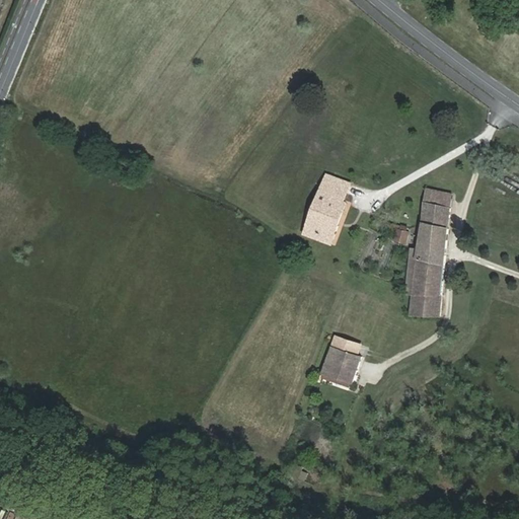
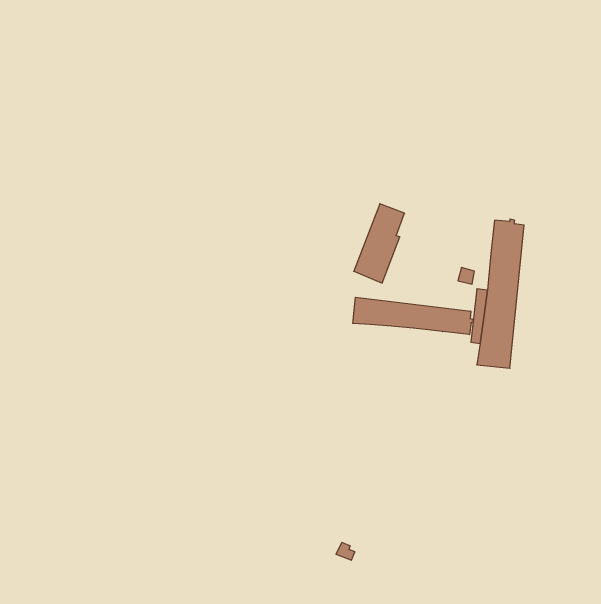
building: none -> [353,297,473,335]
building: [320,341,357,386] -> none

